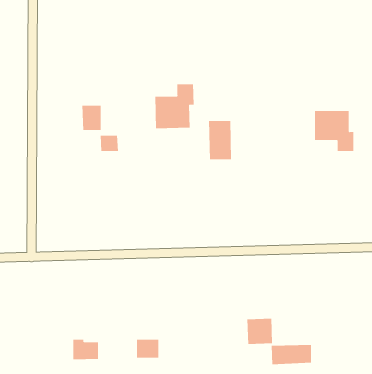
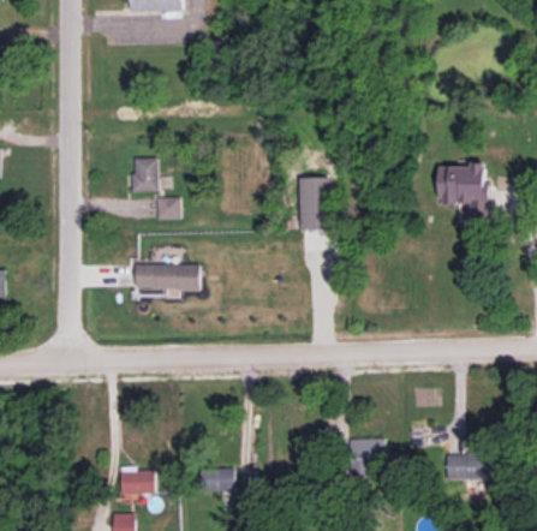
building: [155,83,194,129] -> none
building: none -> [135,264,199,291]
building: [271,345,312,365] -> [444,455,499,482]

